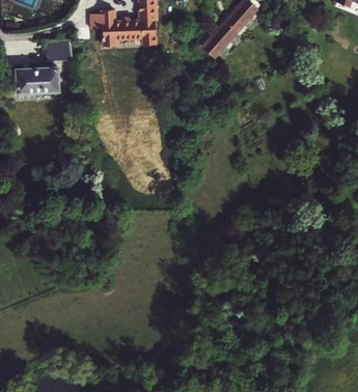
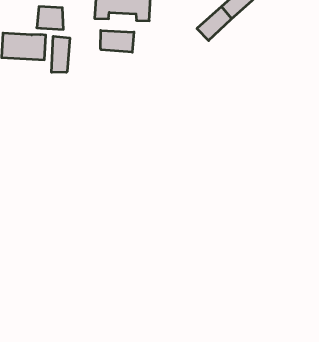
building: none -> [101,30,134,52]
building: none -> [52,36,70,72]

